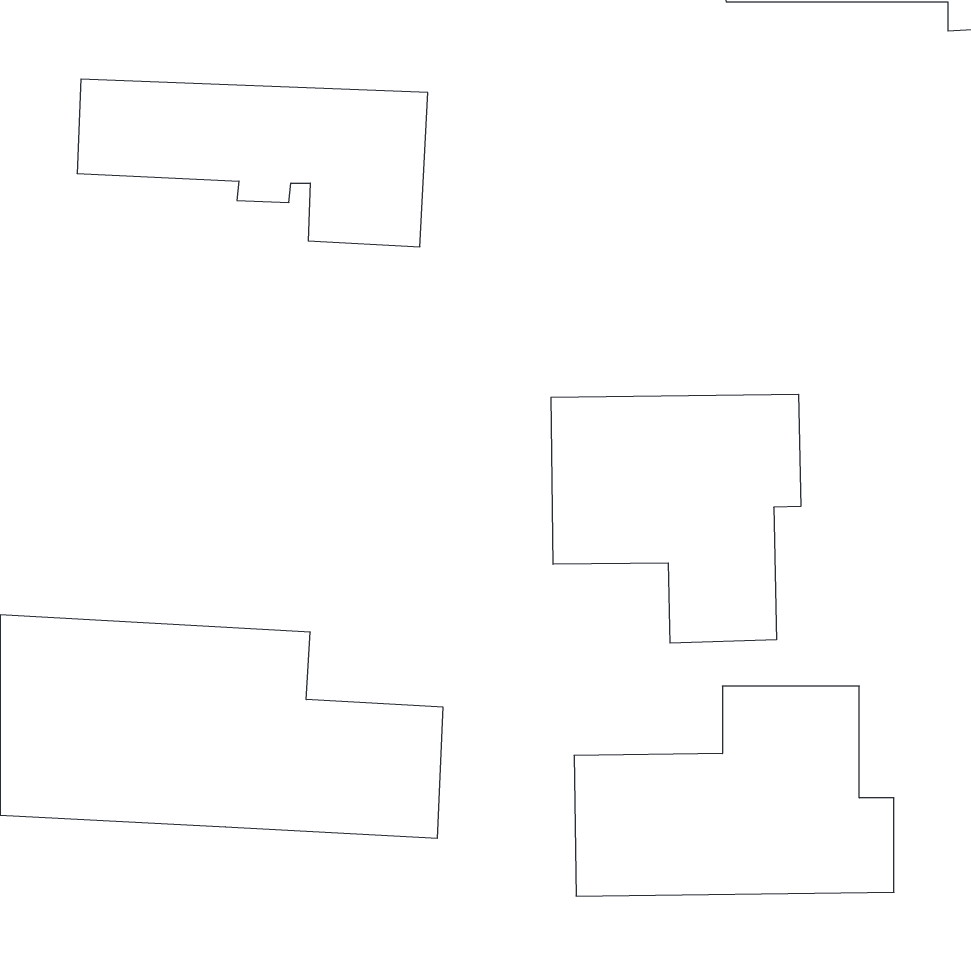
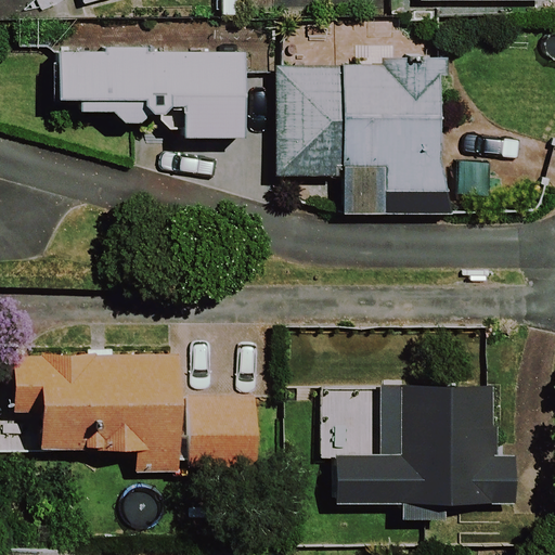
building: none -> [279,49,447,215]
building: [551,394,801,643] -> none

